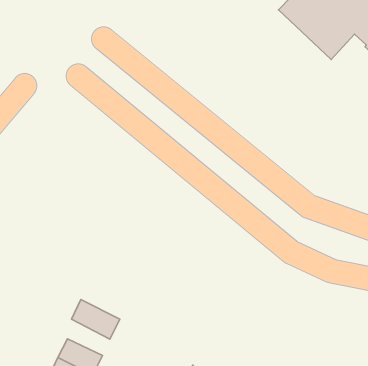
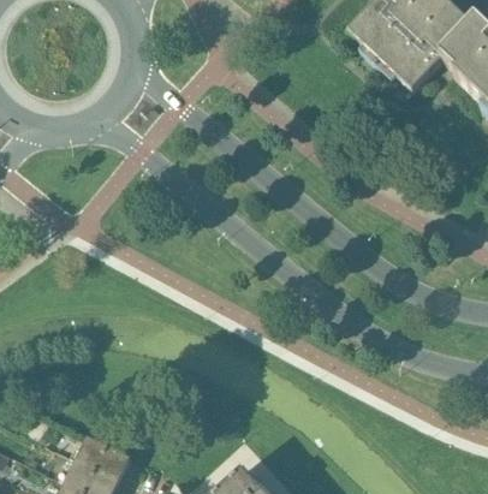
building: [72,300,120,339] -> none

